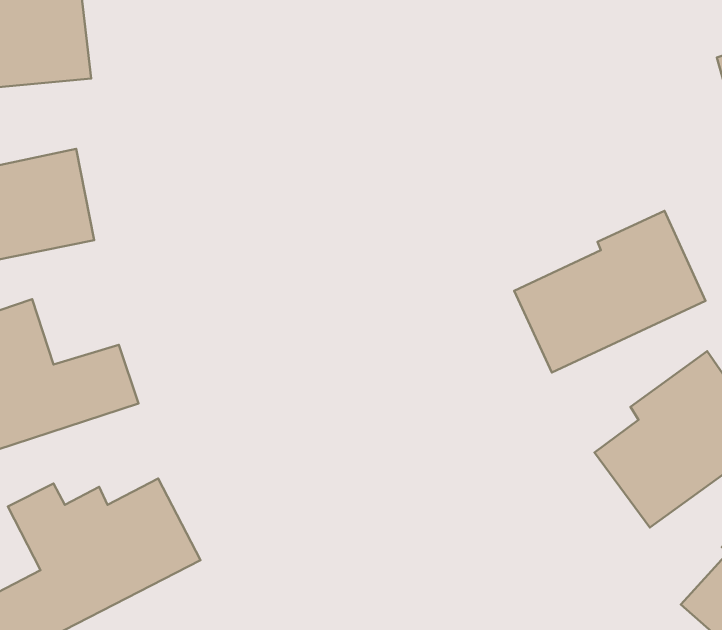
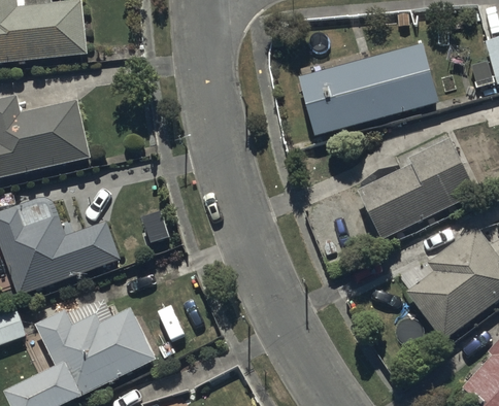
building: none -> [297,43,437,135]

